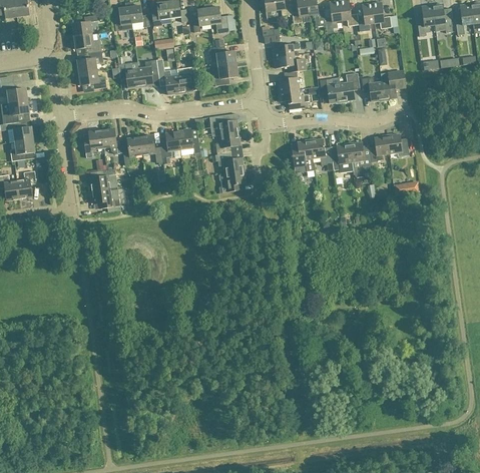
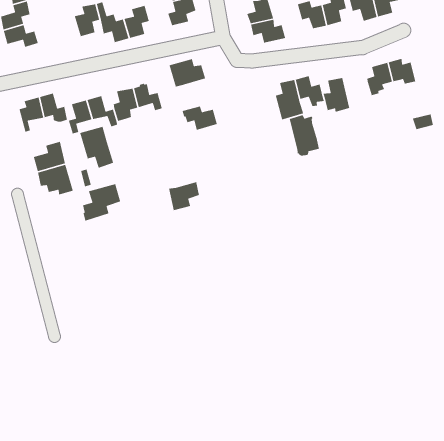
building: [118,63,140,87] -> none
building: [215,131,239,154] -> none
building: [350,141,372,175] -> [289,114,320,156]
building: none -> [79,126,114,169]
building: [219,169,245,191] -> [168,181,200,211]
building: none -> [82,183,121,222]

